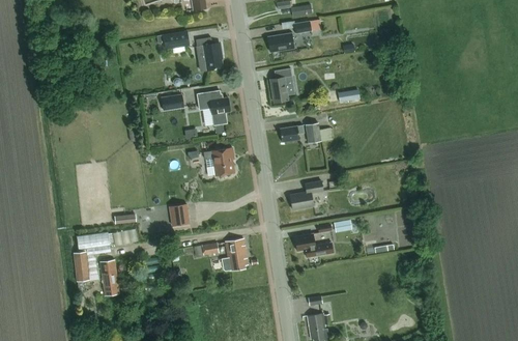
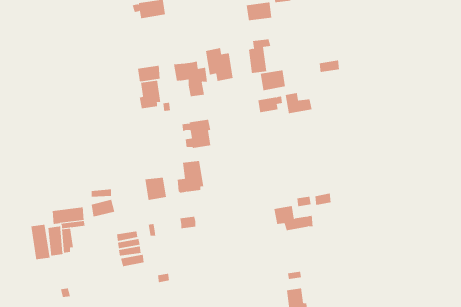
building: [195,36,223,69] -> [205,48,234,81]
building: none -> [260,70,286,91]
building: none -> [139,80,161,109]
building: [289,180,322,209] -> none
building: [221,238,248,271] -> [177,160,204,193]
building: [99,260,119,295] -> [30,224,50,260]

